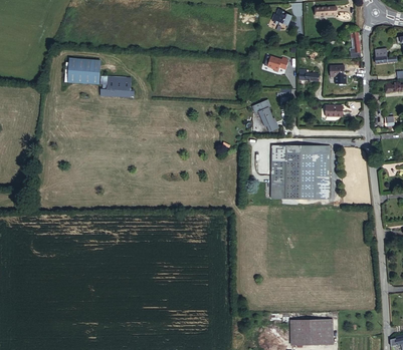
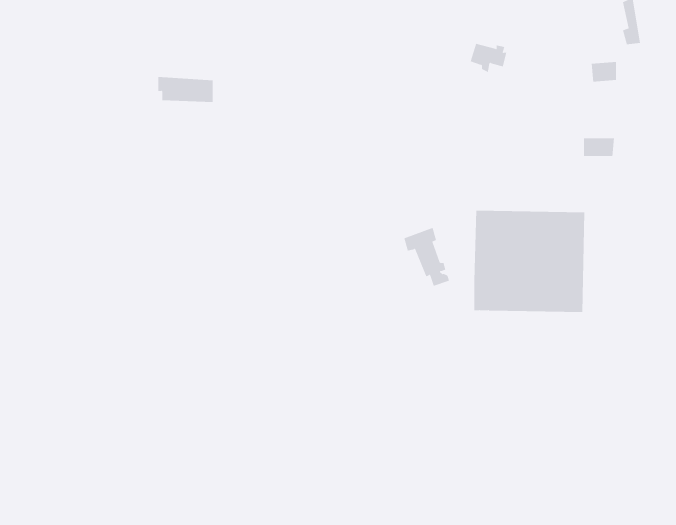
building: [66,57,98,82] -> none
building: [252,100,277,132] -> [403,227,450,287]

